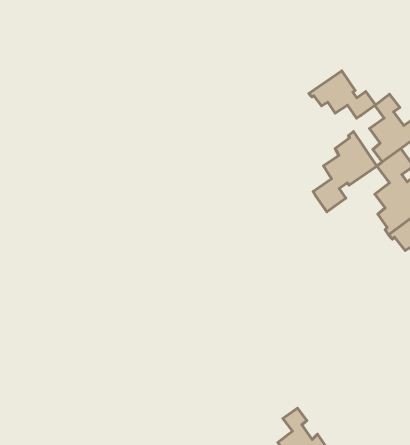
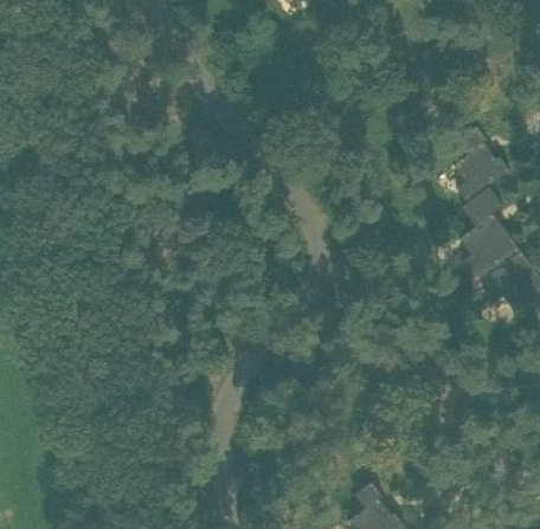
building: [309,71,376,118] -> none
building: [313,132,377,212] -> none

